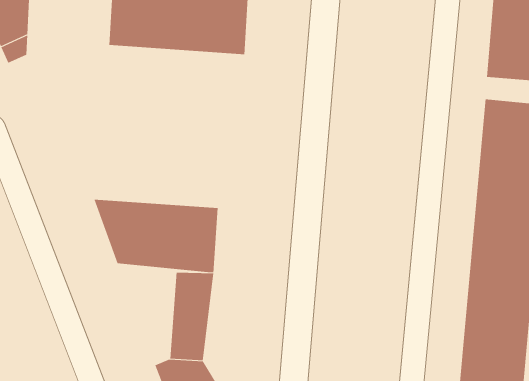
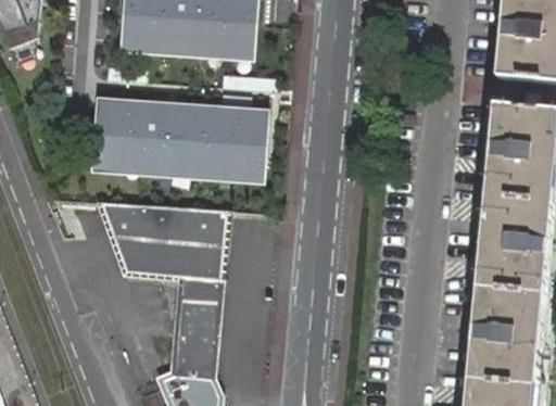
building: none -> [83,96,267,182]

